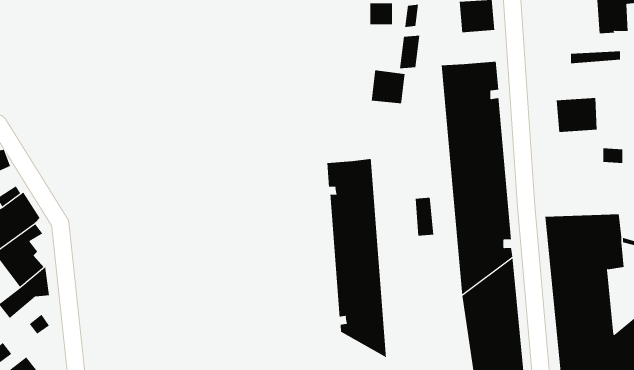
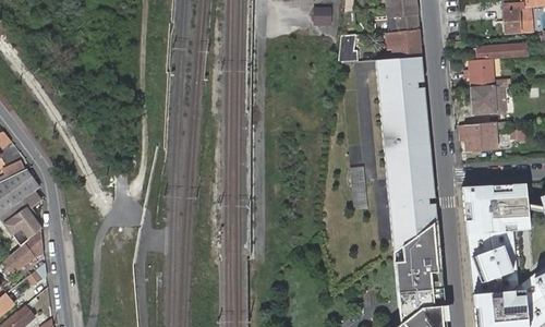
building: none -> [386,29,421,58]
building: none -> [469,59,510,88]
building: [371,70,405,104] -> none
building: none -> [464,122,497,149]
building: [327,158,386,358] -> none

